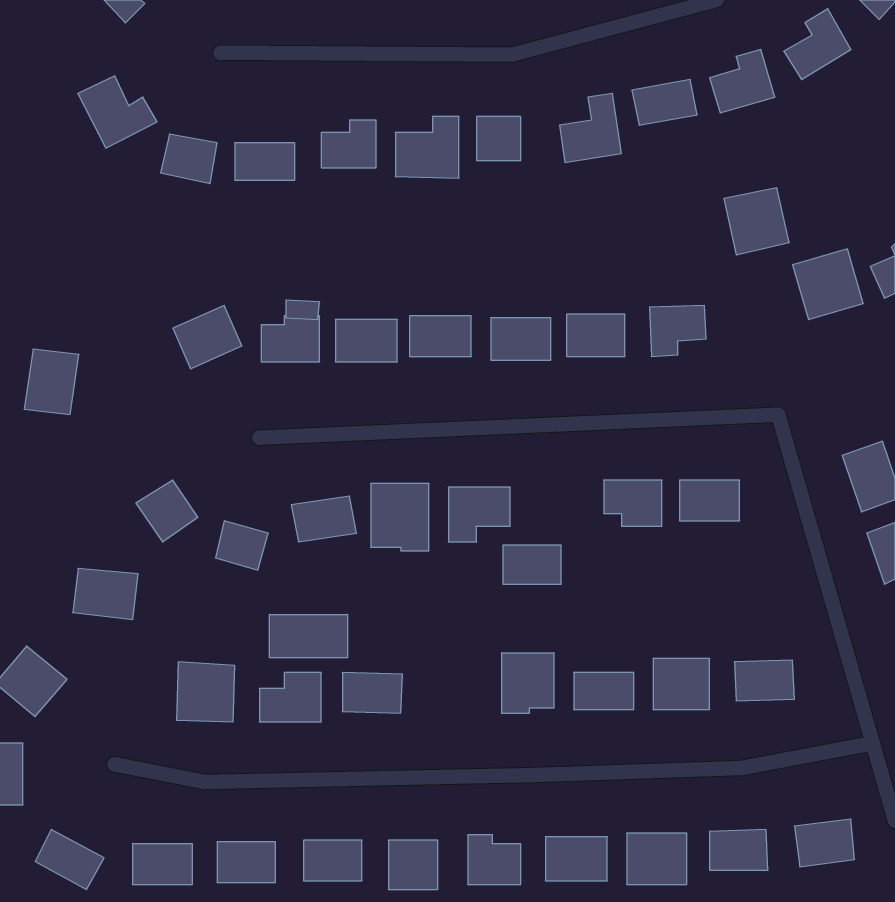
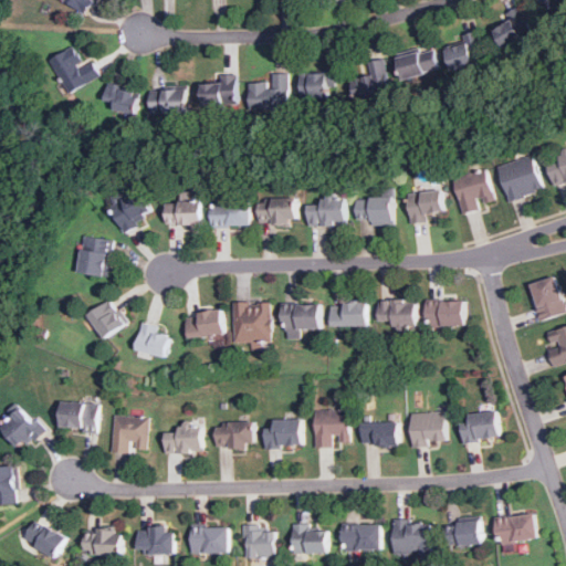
building: [724,188,789,255] -> [452,170,493,212]
building: [24,349,79,414] -> [76,237,111,277]
building: [503,545,561,584] -> [329,302,366,326]
building: [73,568,138,620] -> [57,400,98,432]
building: [270,614,347,658] -> none
building: none -> [263,418,301,446]

